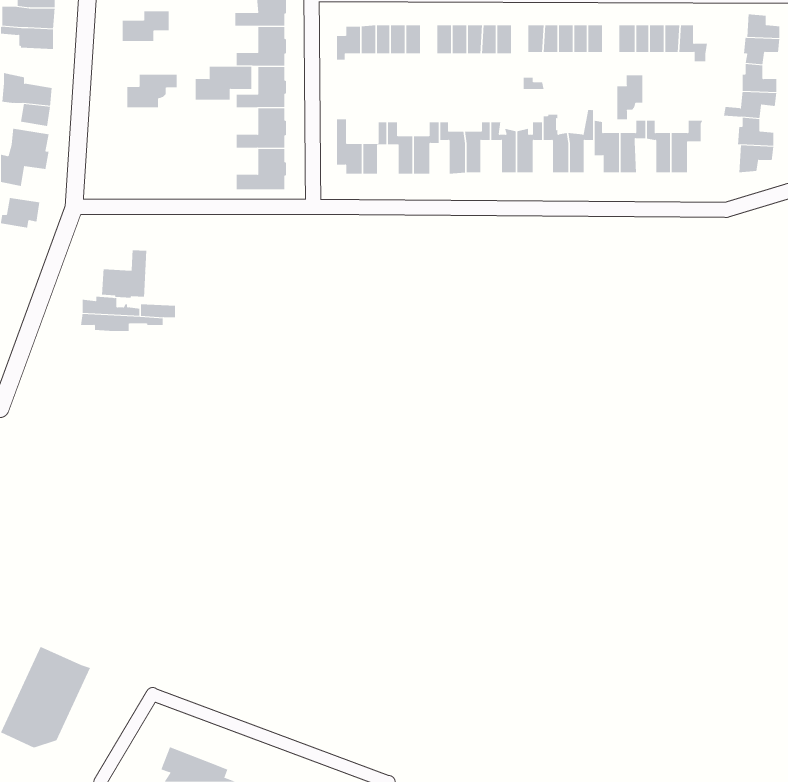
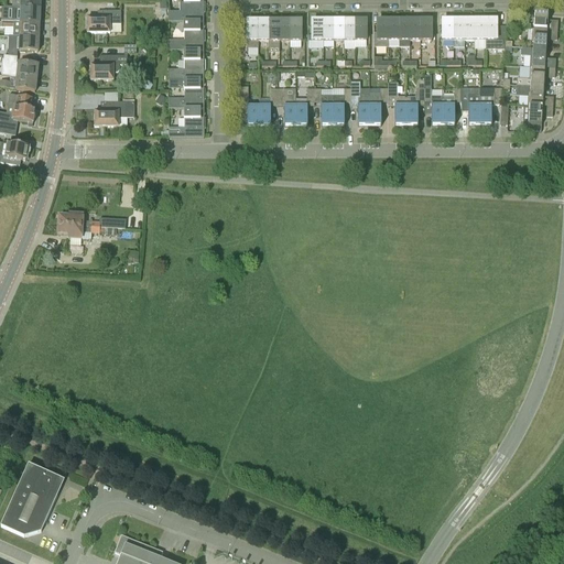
building: none -> [8,34,39,54]
building: [195,66,252,100] -> [94,99,134,123]
building: [617,75,643,120] -> none
building: [102,249,147,298] -> none

